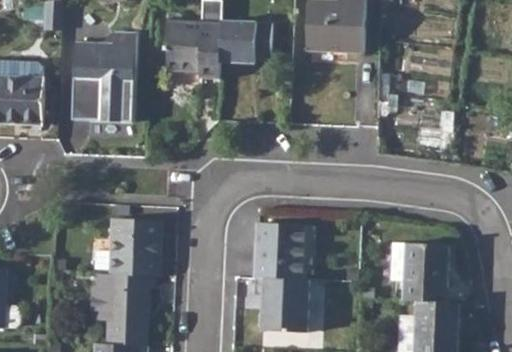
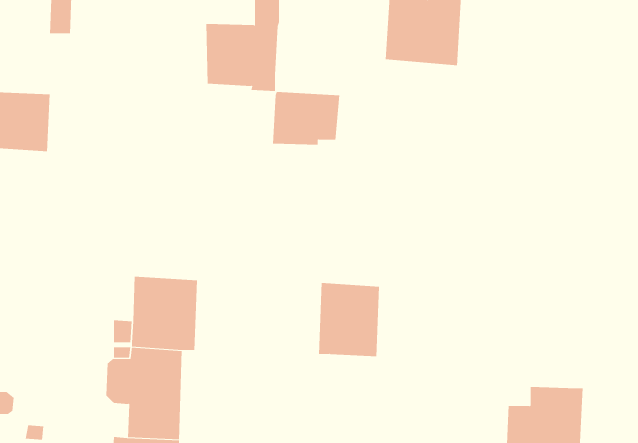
building: [220,21,273,63] -> [272,91,340,145]
building: [72,30,135,119] -> none
building: [391,247,450,306] -> none
building: [260,280,308,335] -> none

